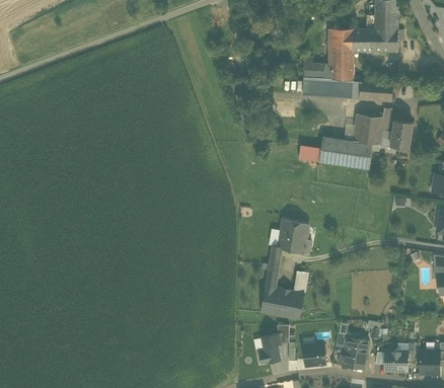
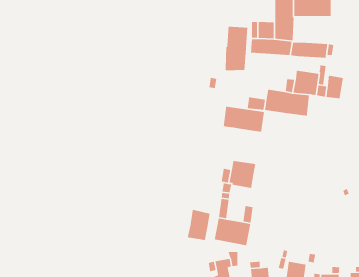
building: none -> [225,26,248,71]
building: none -> [223,106,265,132]
building: none -> [187,209,211,241]

